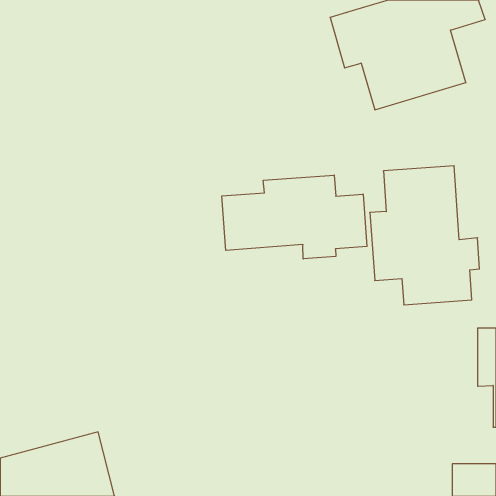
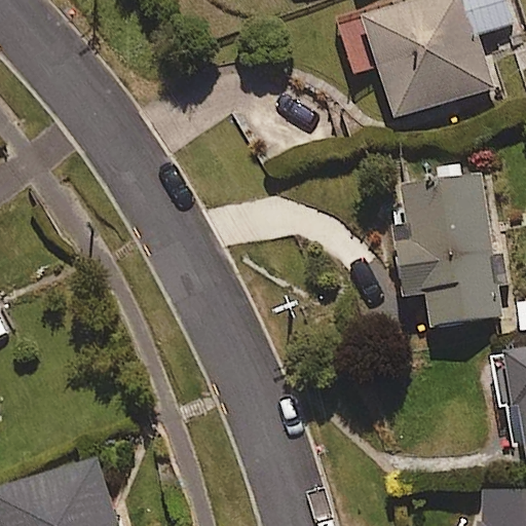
building: [222,175,367,259] -> none

